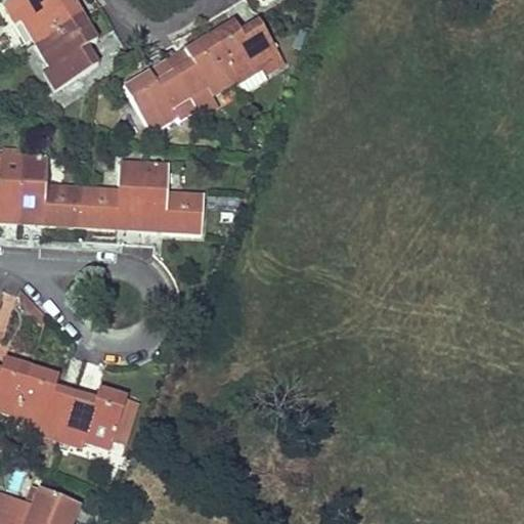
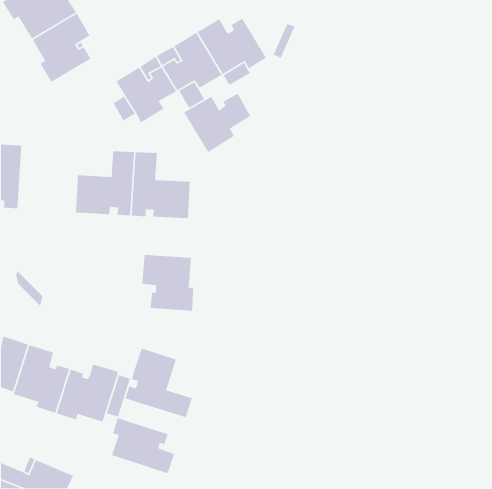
building: none -> [183,92,252,153]
building: [19,154,82,226] -> none
building: none -> [142,254,194,311]
building: none -> [124,347,193,418]
building: none -> [111,417,175,474]

